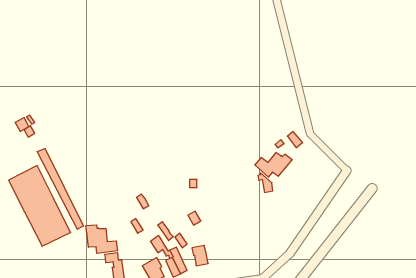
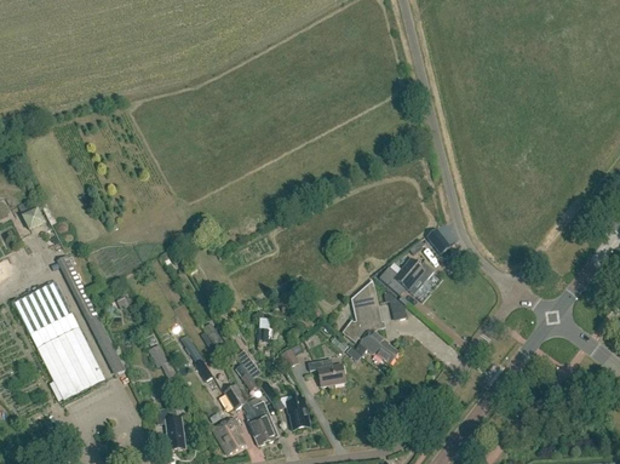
building: none -> [345,281,400,366]
building: none -> [306,359,344,388]
building: [86,225,118,253] -> none

